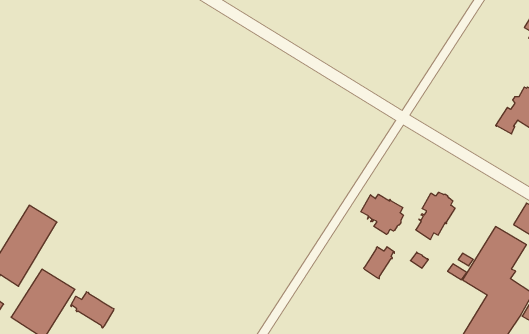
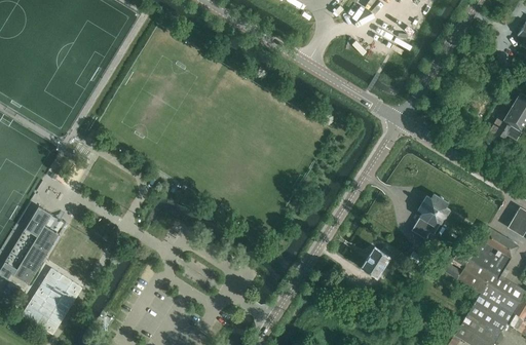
building: [361,194,403,234] -> none
building: [71,292,114,328] -> none

